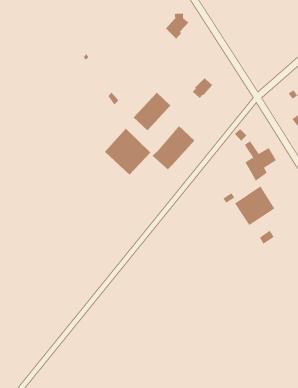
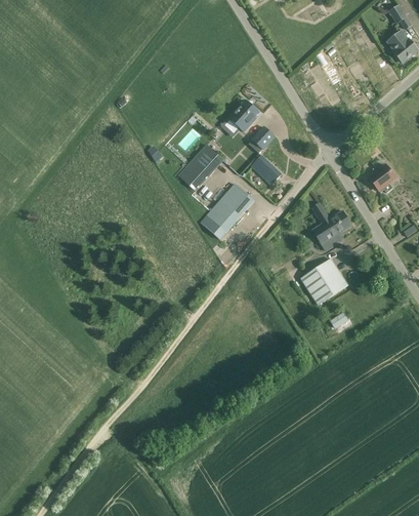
building: [165,13,189,39] -> [231,100,259,131]
building: none -> [251,154,282,185]
building: [104,128,151,176] -> none

